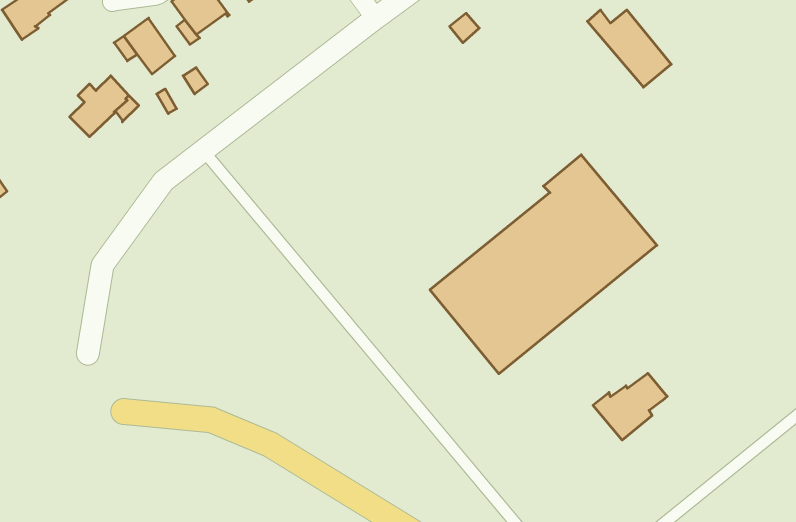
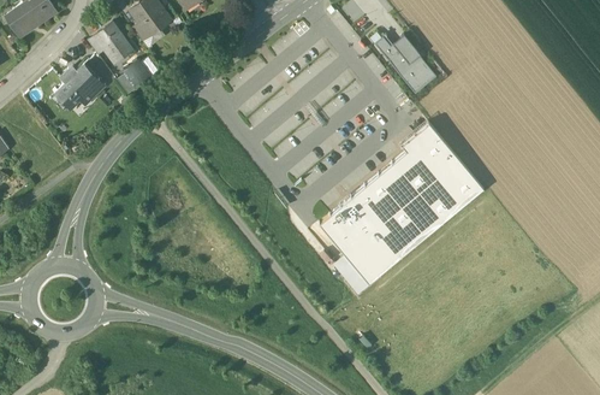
building: [587,10,671,87] -> [375,36,436,93]
building: [593,373,667,440] -> none

